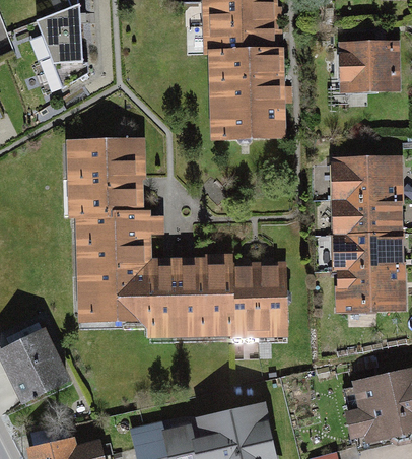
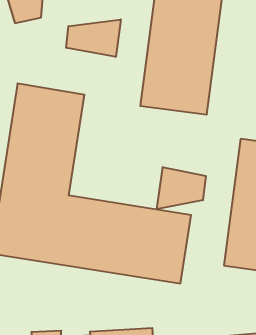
building: none -> [66,19,121,57]
building: none -> [157,167,206,209]

